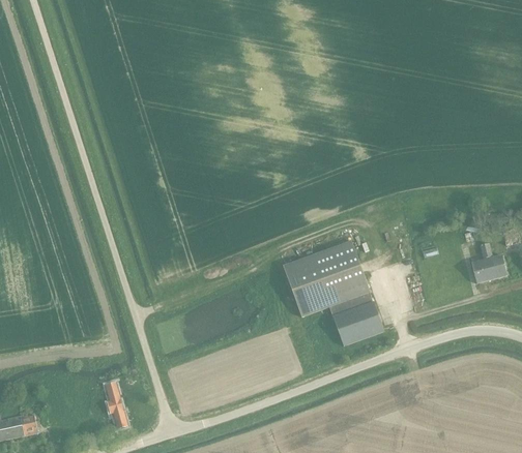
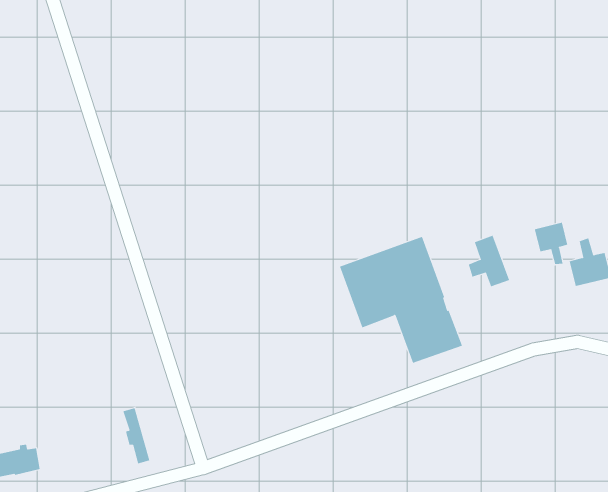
building: none -> [534,222,568,265]
building: none -> [468,235,510,287]

